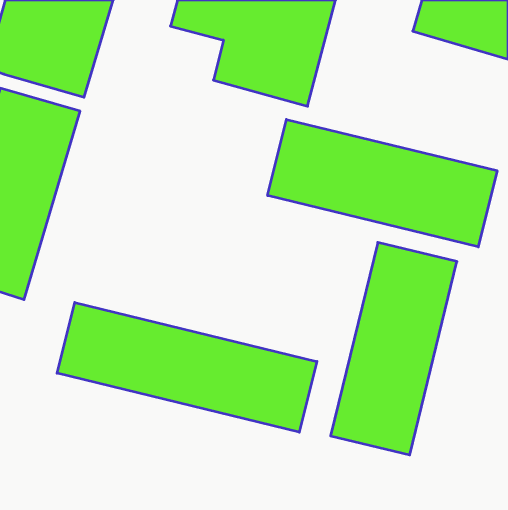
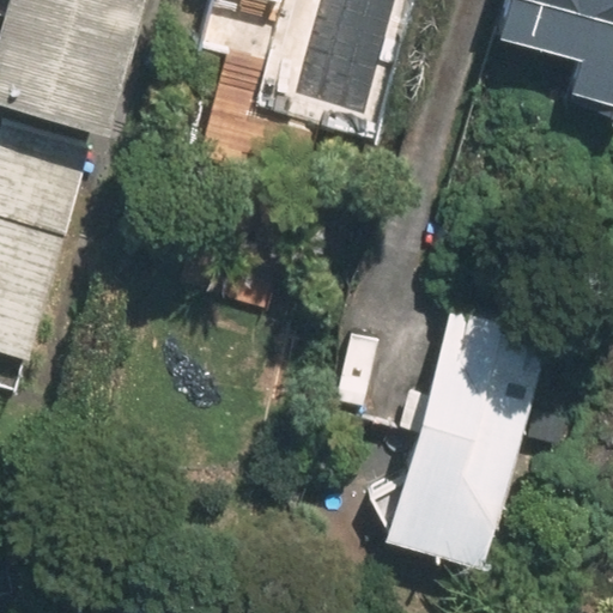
building: [268,119,497,247] -> none
building: [57,302,317,432] -> none

